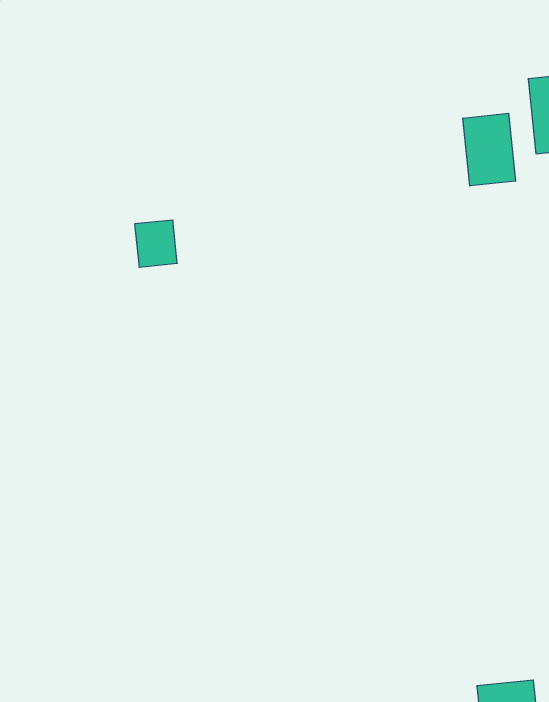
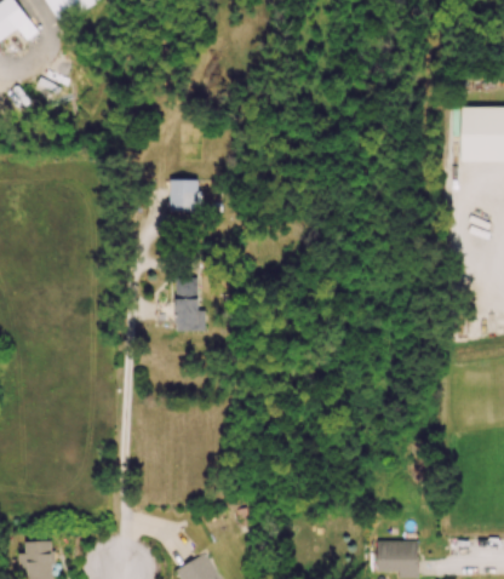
building: [463,113,515,186] -> none
building: none -> [172,277,201,331]

